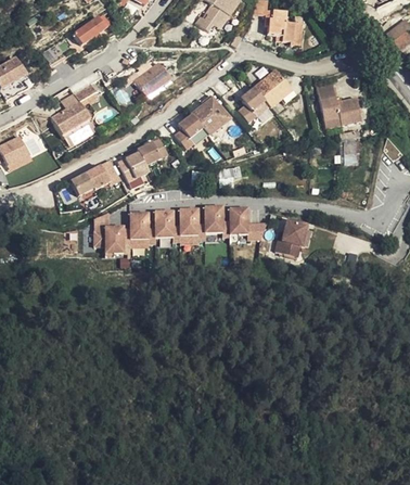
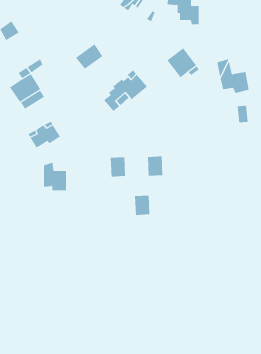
building: [75,14,110,44] -> none
building: [238,85,264,122] -> none
building: [116,137,167,181] -> none
building: [204,206,225,232] -> [134,195,150,215]
building: [155,209,176,235] -> none
building: [130,213,151,239] -> none
building: [277,221,307,256] -> none

